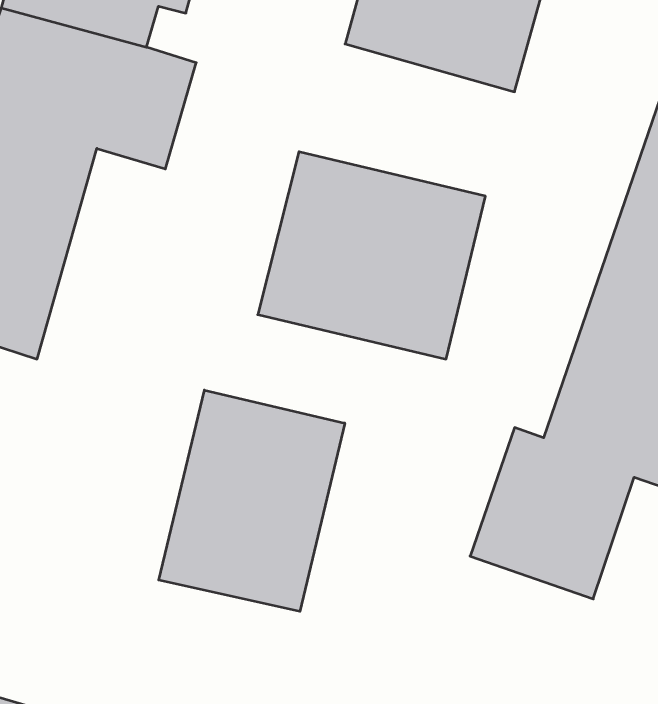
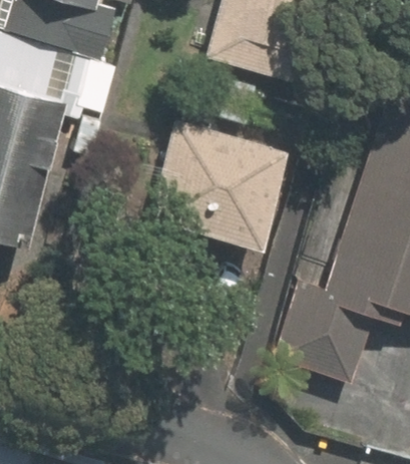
building: [159,390,345,611] -> none

